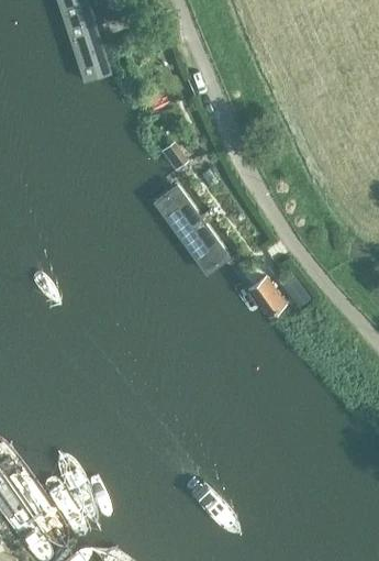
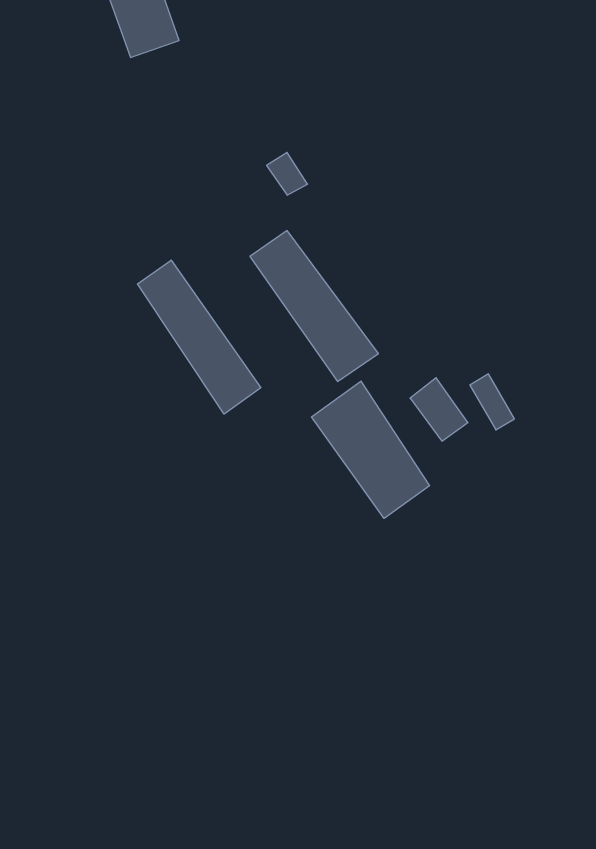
building: none -> [137,260,261,414]
building: none -> [312,381,430,518]

